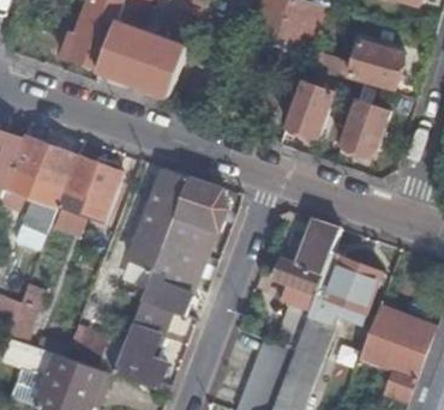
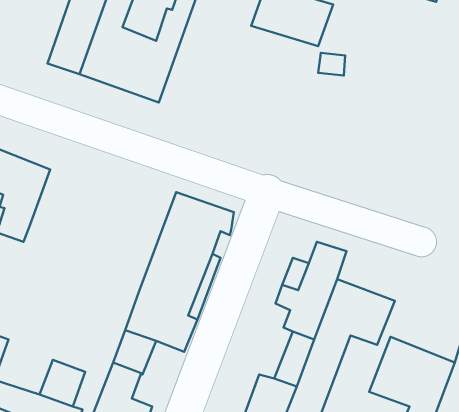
building: [348,41,403,88] -> none
building: [284,79,334,135] -> none
building: [340,100,388,156] -> none
building: [54,155,119,219] -> none
building: [127,168,185,265] -> none

